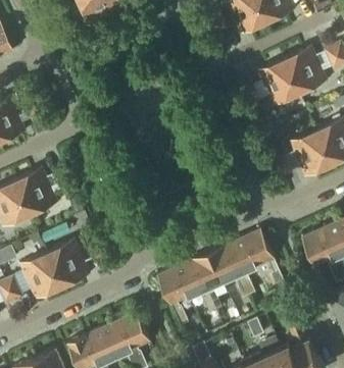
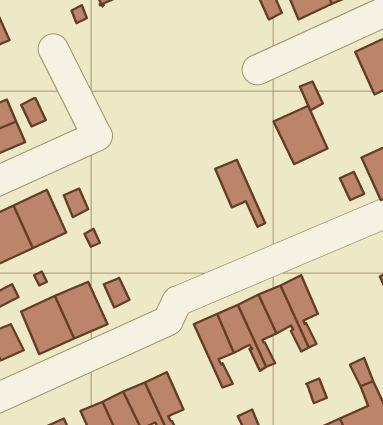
building: [258,59,301,105] -> [273,106,328,164]
building: [243,228,283,281] -> [215,160,265,227]

